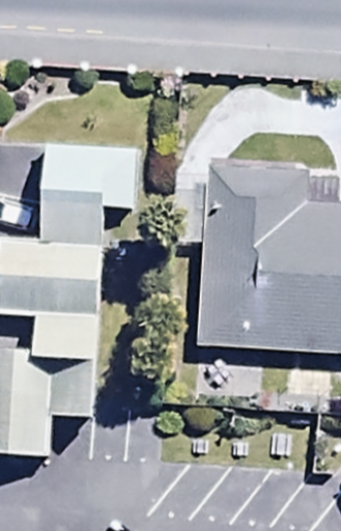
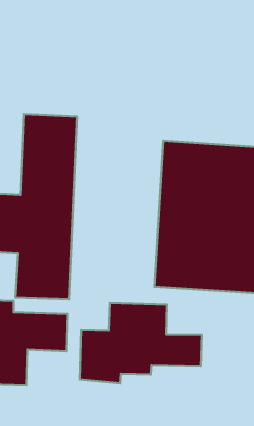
building: none -> [80,303,202,383]

